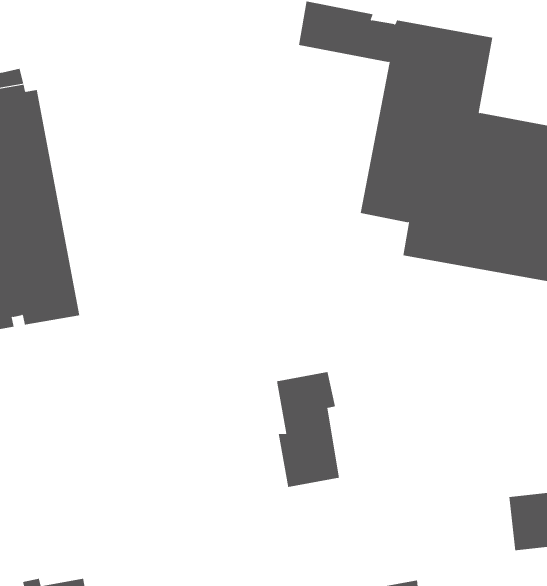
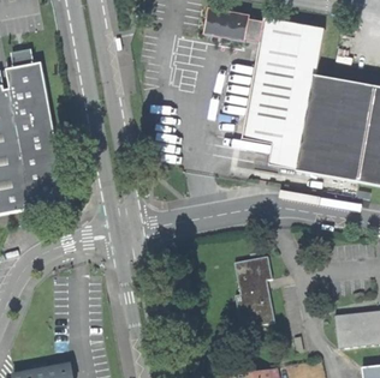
building: [276,372,340,487] -> [234,256,274,328]

